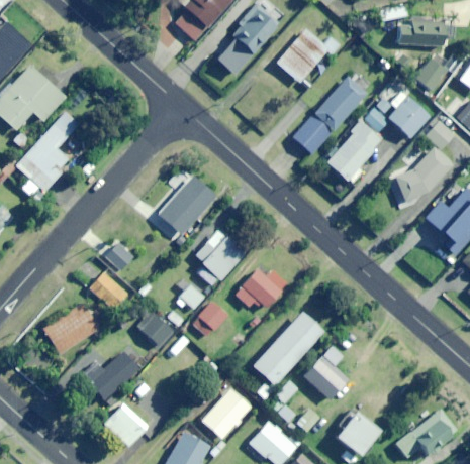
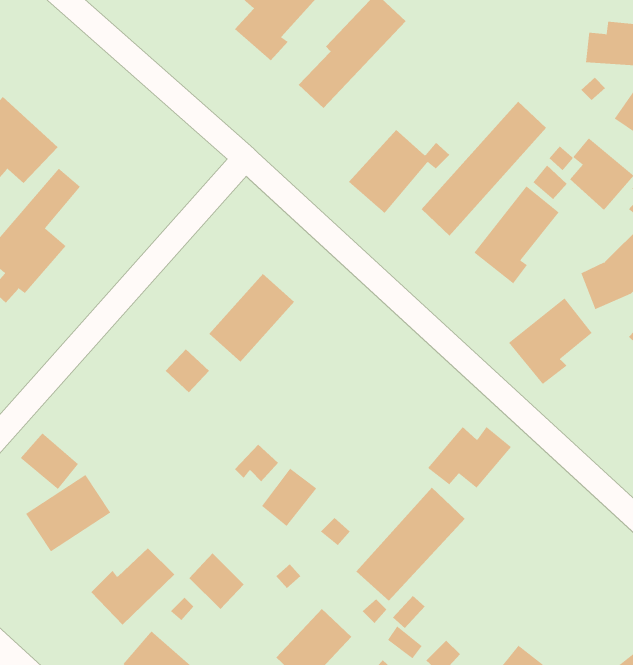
building: [276,29,341,83] -> [348,129,450,214]
building: none -> [508,297,592,385]
building: [195,230,246,280] -> none
building: [105,243,133,271] -> [165,348,210,393]
building: [234,269,288,309] -> [427,426,512,488]
building: [90,273,127,310] -> [20,432,79,490]
building: [137,310,173,346] -> [188,552,244,610]
building: [303,356,348,400] -> none

